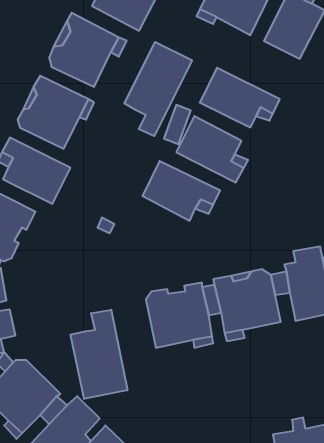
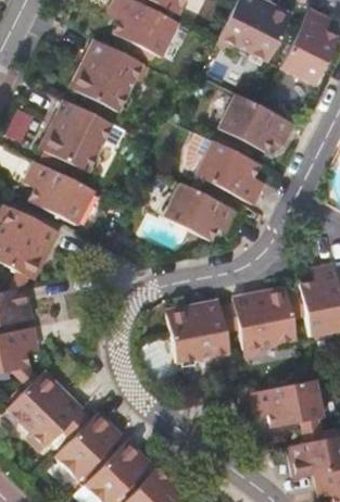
building: [124,42,192,136] -> none
building: [71,310,127,399] -> none
building: none -> [253,379,326,428]

